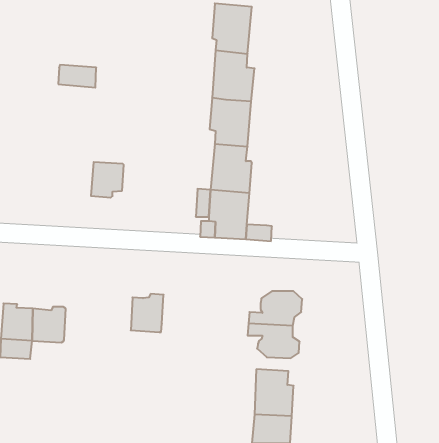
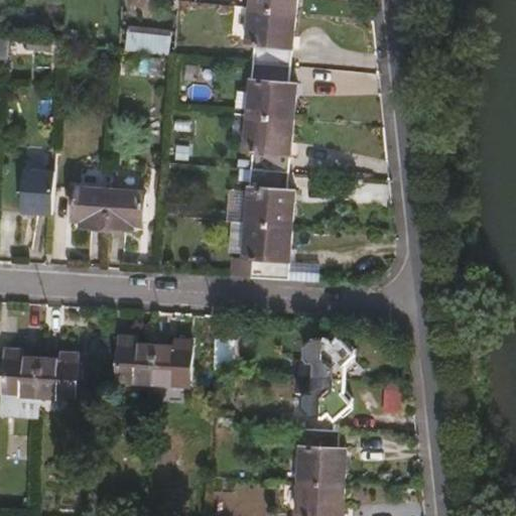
building: [58,65,96,88] -> [125,25,169,51]
building: none -> [19,167,55,213]
building: none -> [72,186,109,228]
building: none -> [116,339,154,384]

